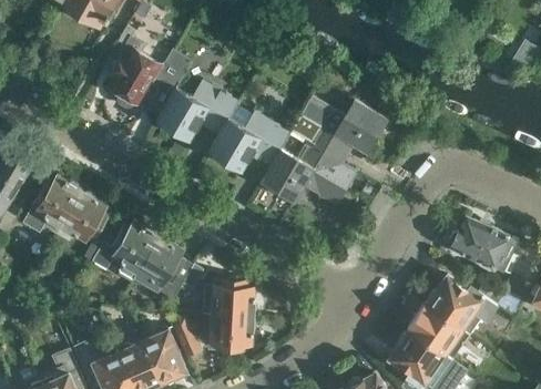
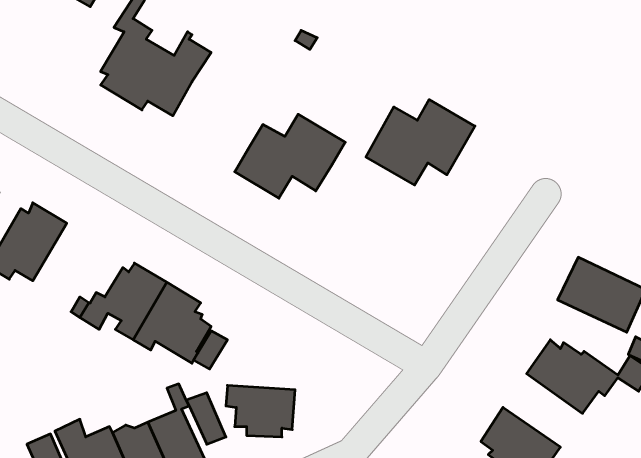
building: [154,78,238,142] -> none
building: [258,141,357,206] -> none
building: [55,191,106,242] -> none
building: [202,279,254,316] -> none
building: [408,303,469,359] -> none

